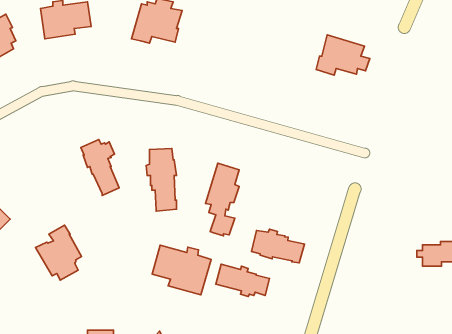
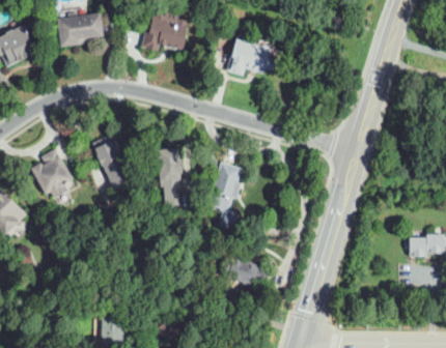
building: [316,35,370,75] -> [227,37,277,75]
building: [35,225,81,280] -> [28,148,71,199]
building: [252,229,305,263] -> none
building: [152,245,211,295] -> none

